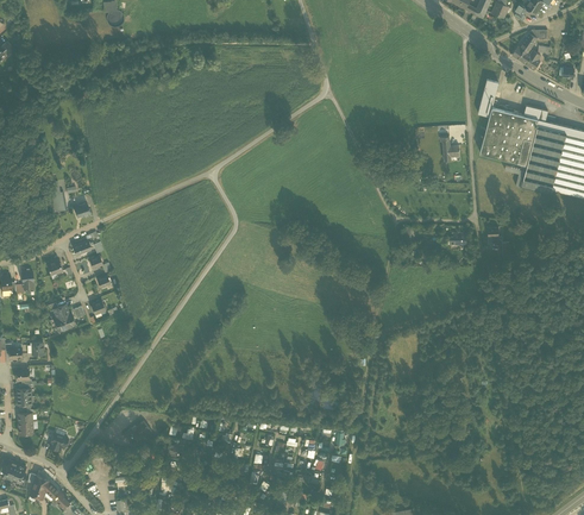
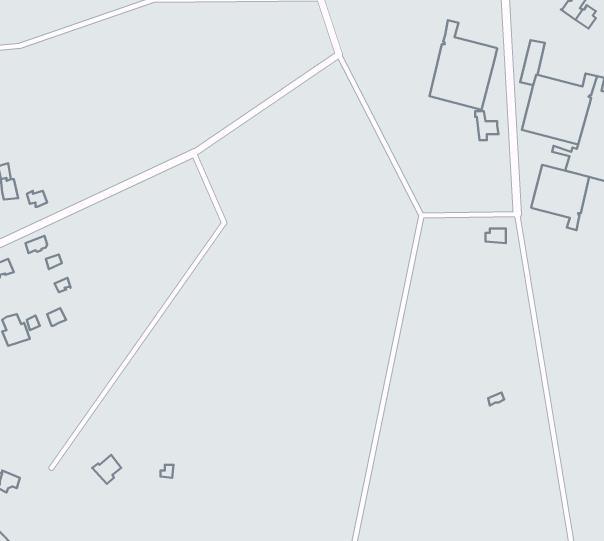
building: none -> [429,20,497,110]
building: none -> [531,165,589,230]

